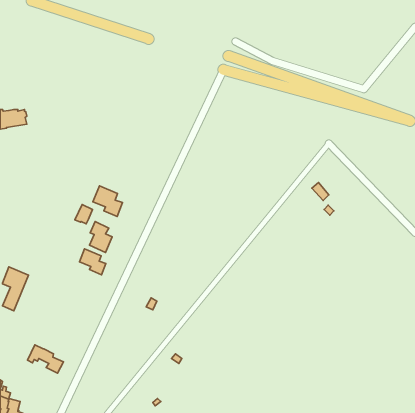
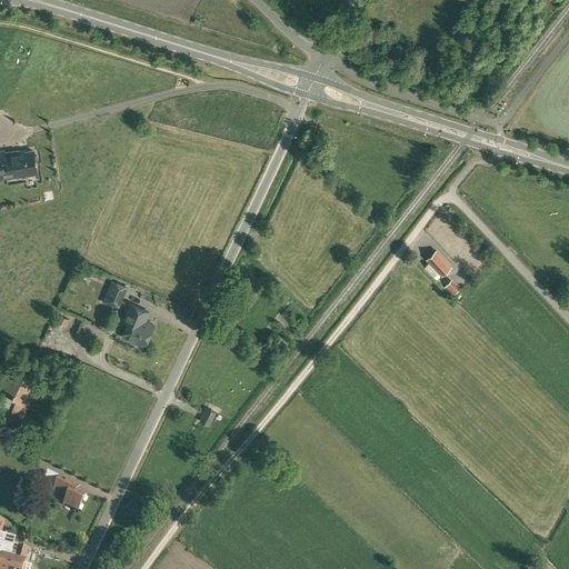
building: [93,186,122,217] -> none
building: [79,249,106,275] -> none

